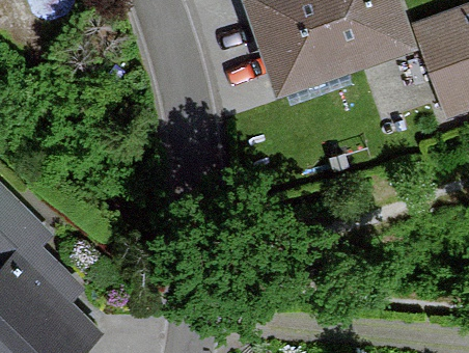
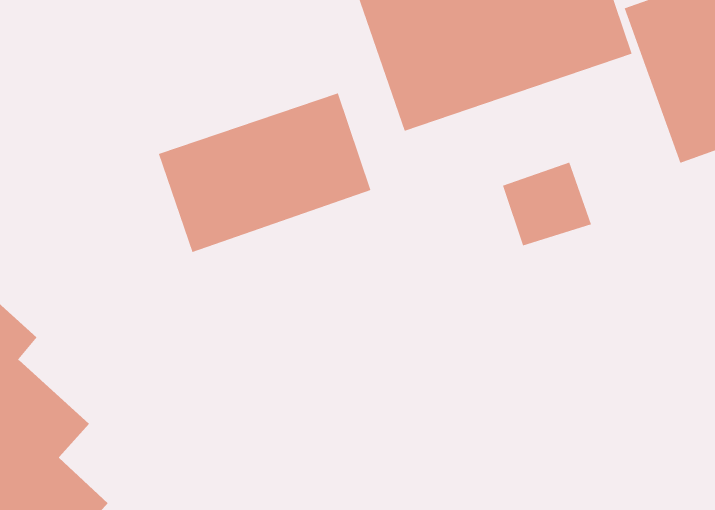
building: none -> [158,93,371,253]

